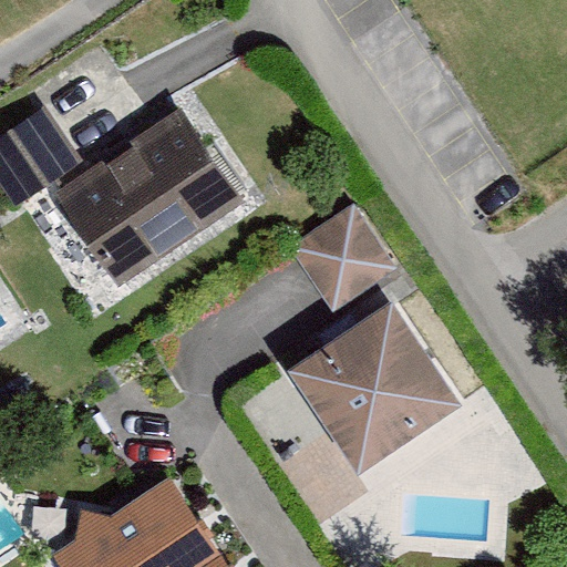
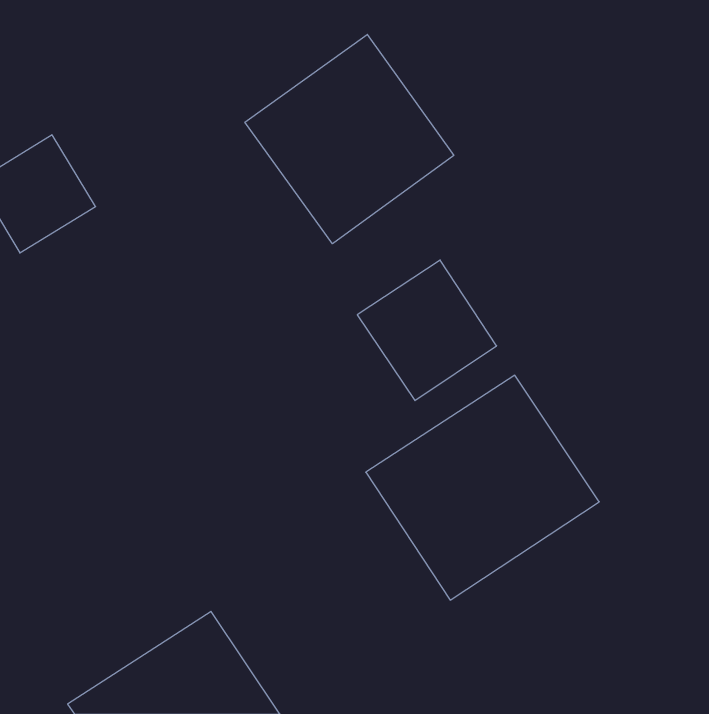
building: none -> [245,34,454,244]
building: [54,112,241,290] -> none

